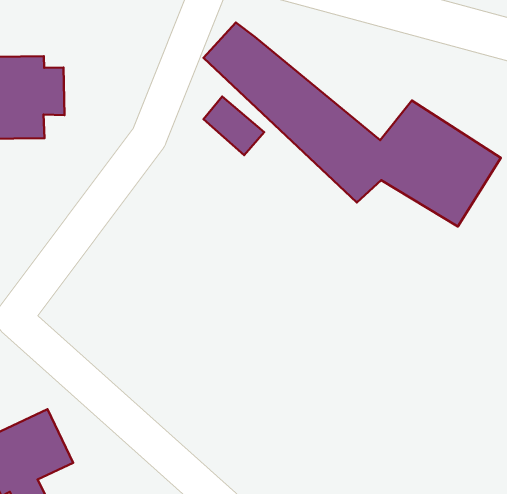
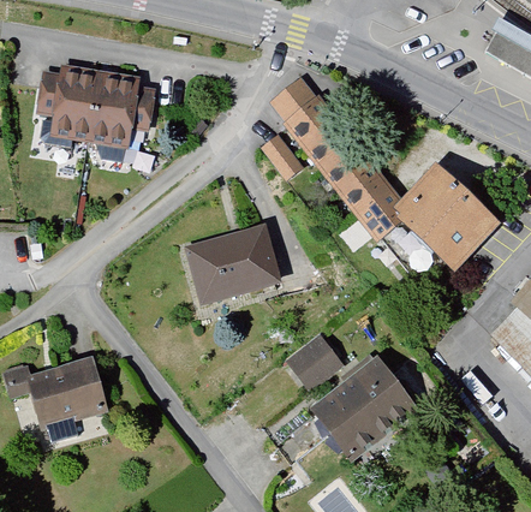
building: none -> [180,224,284,308]
building: none -> [293,337,342,386]
building: none -> [317,361,417,458]

